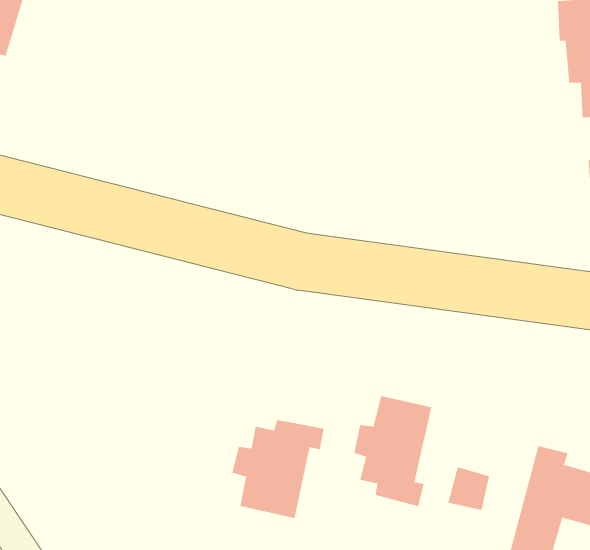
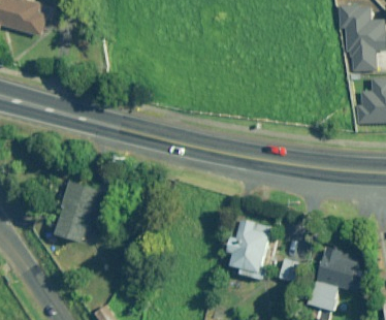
building: none -> [56,183,110,242]
building: [232,419,324,519] -> none

